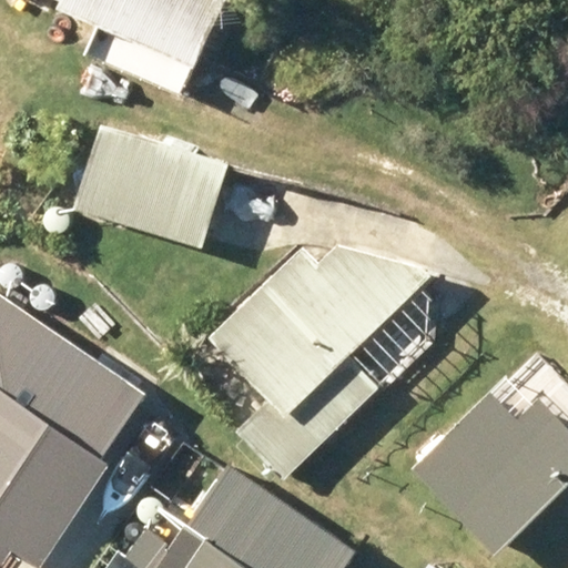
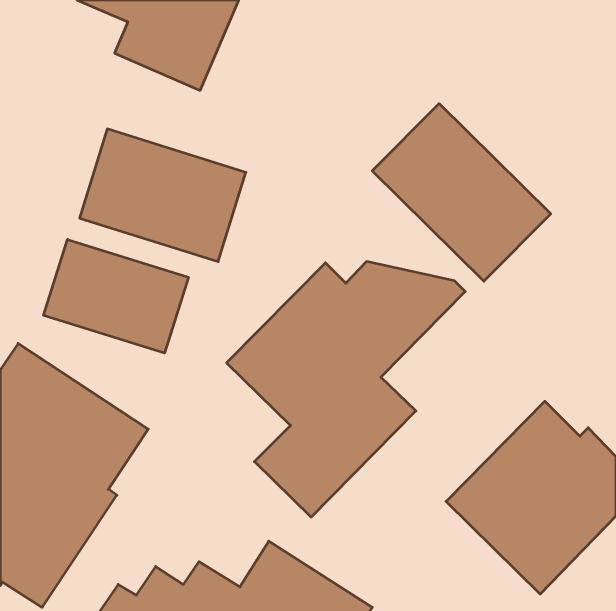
building: none -> [372,104,551,281]
building: none -> [44,239,188,353]

